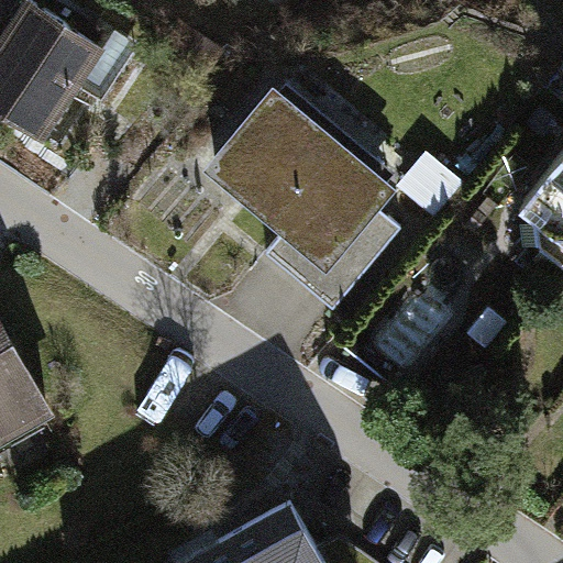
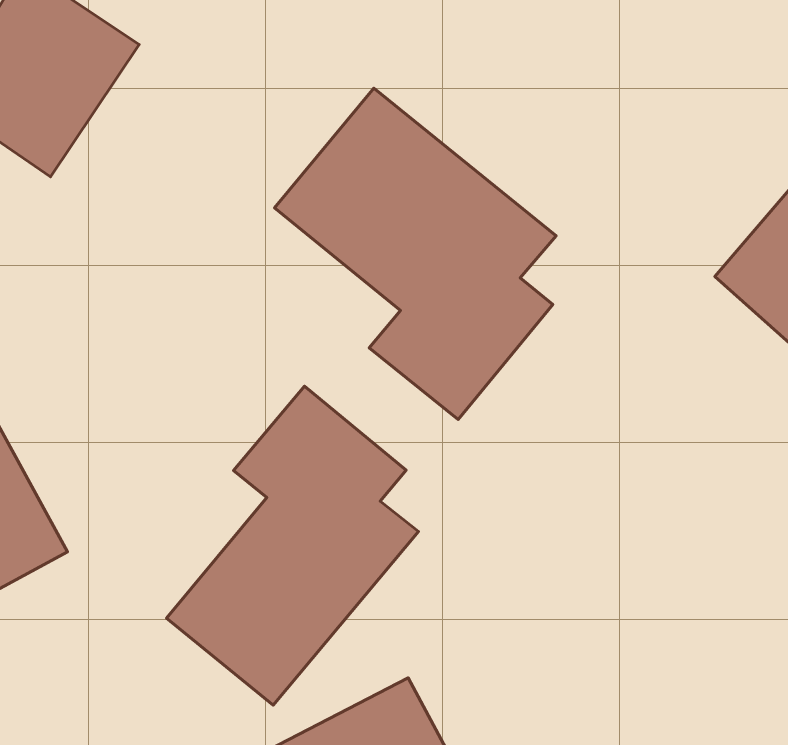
building: none -> [166,386,418,705]

